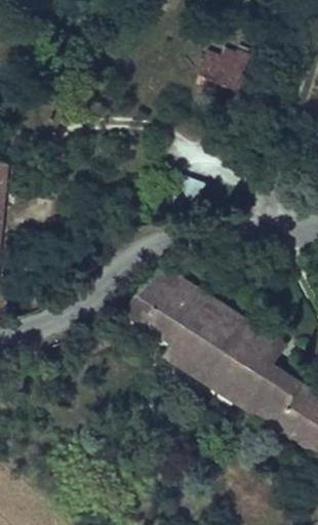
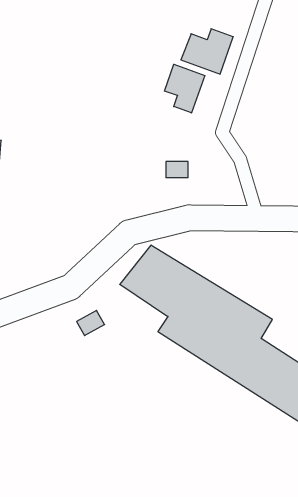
building: none -> [165,64,205,113]

